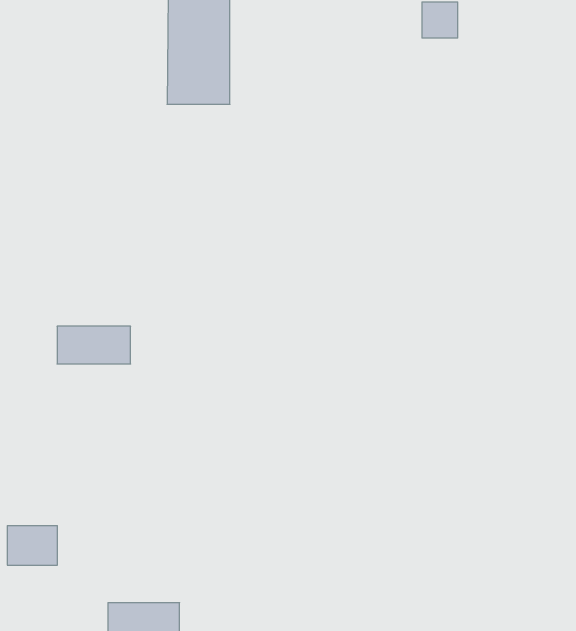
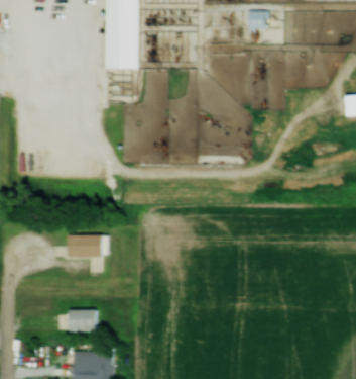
building: [57,326,131,364] -> [66,234,107,256]
building: [7,526,57,565] -> [69,309,97,331]

